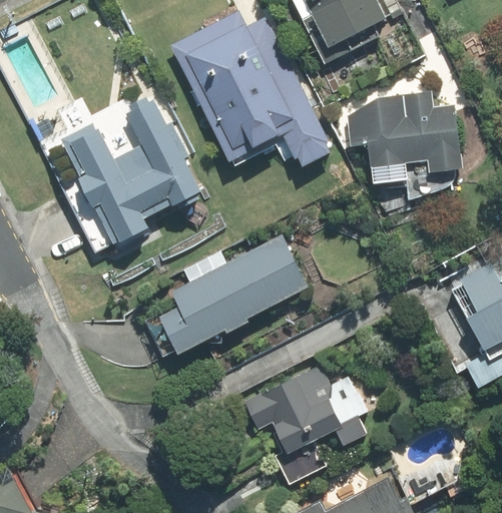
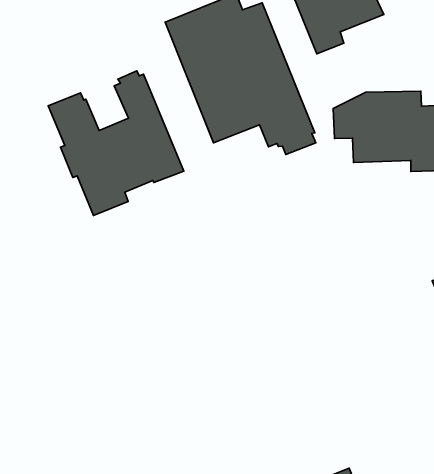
building: [158,236,310,356] -> none
building: [246,365,369,455] -> none

